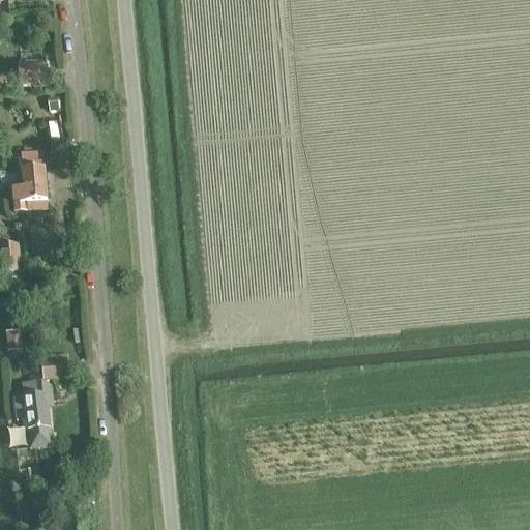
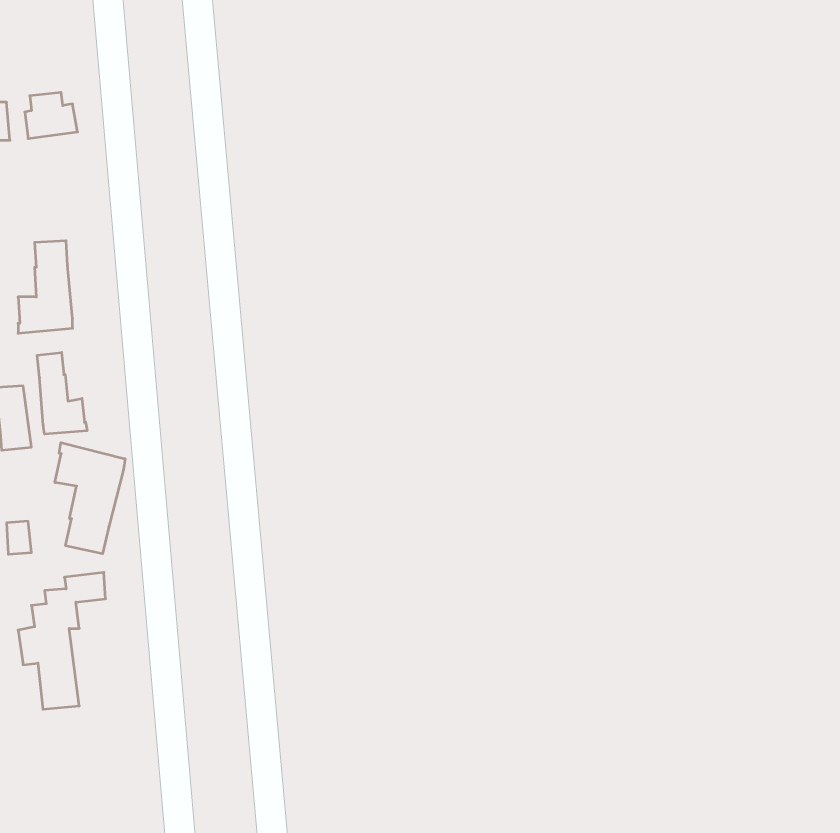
building: none -> [37,352,87,434]
building: none -> [55,443,125,554]

